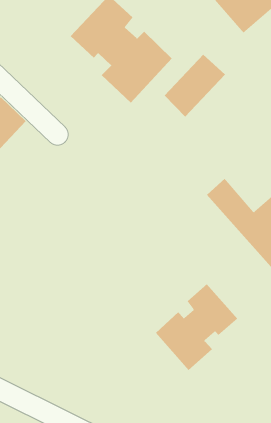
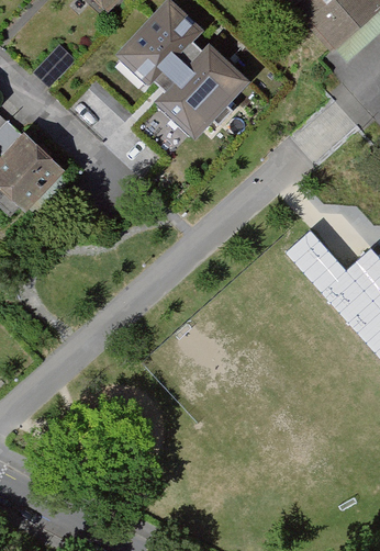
building: [164,54,226,118] -> none
building: [155,284,238,371] -> none

